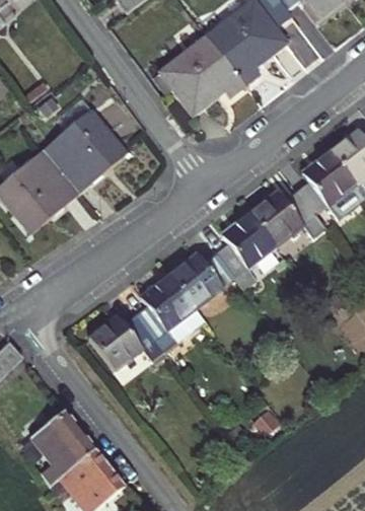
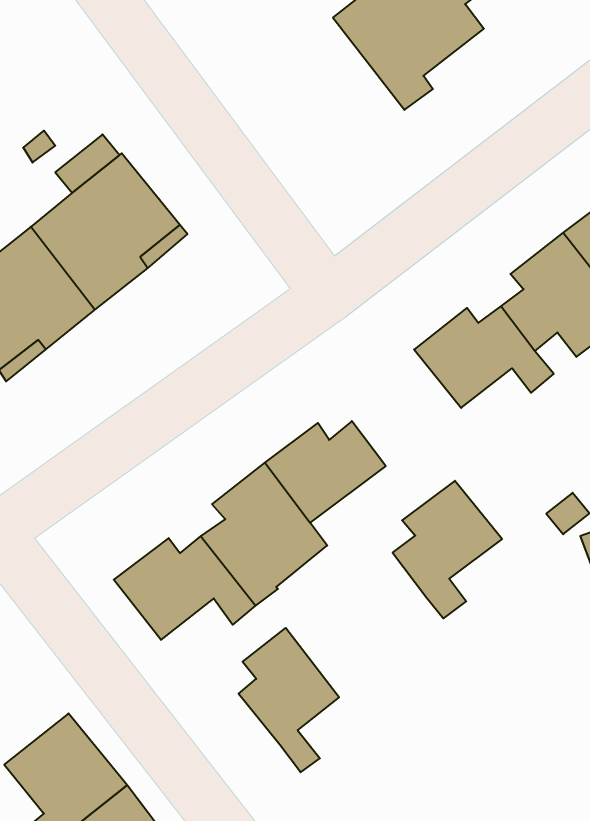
building: [157,35,244,116] -> none
building: [216,214,275,288] -> [393,481,502,618]
building: none -> [239,628,339,772]

